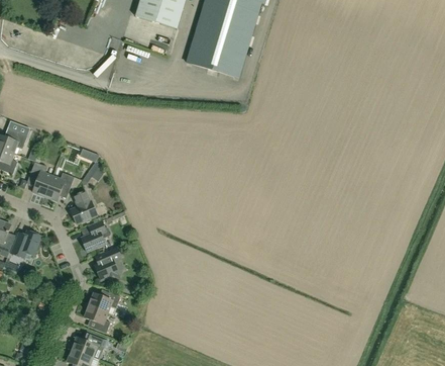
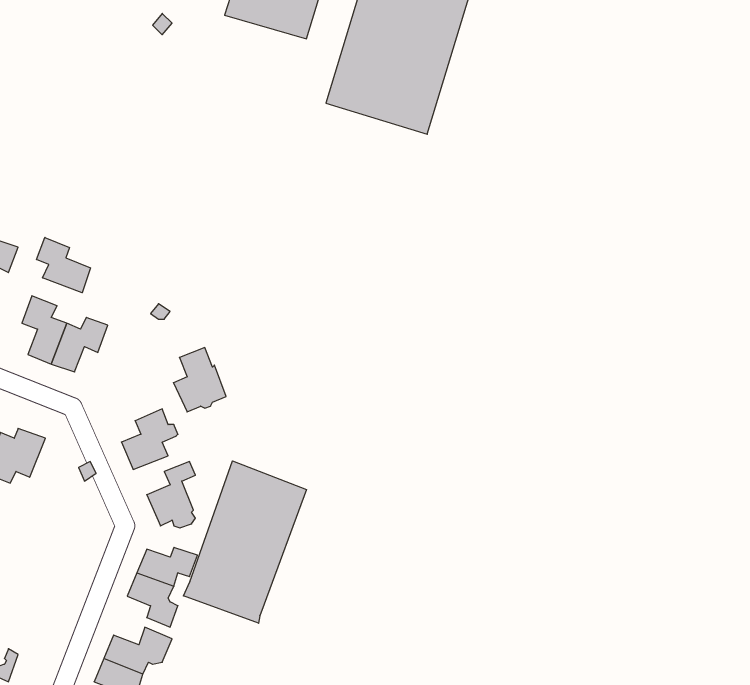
building: none -> [37,237,90,293]
building: [70,190,97,223] -> [173,348,226,412]
building: none -> [183,461,307,623]

